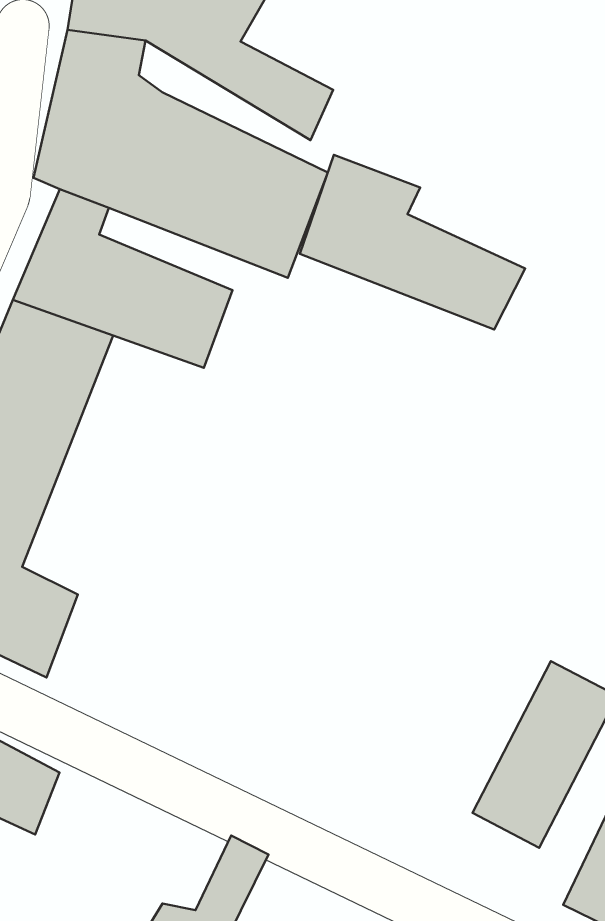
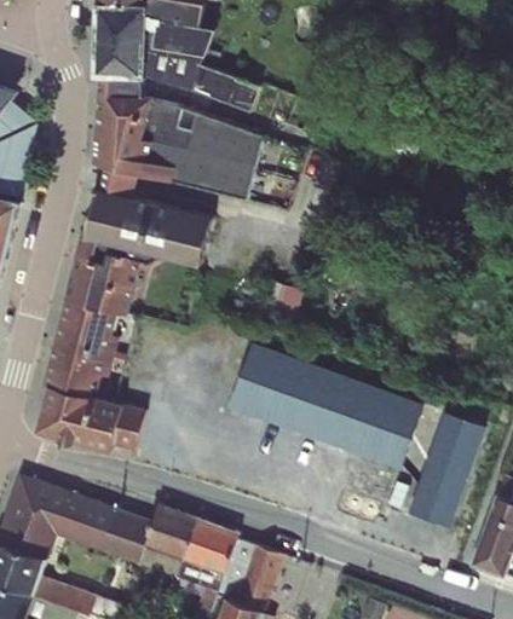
building: [300,155,525,329] -> none
building: none -> [229,340,428,473]
building: none -> [140,510,237,592]

